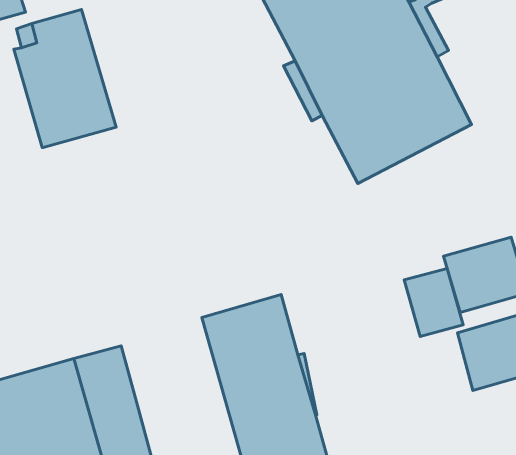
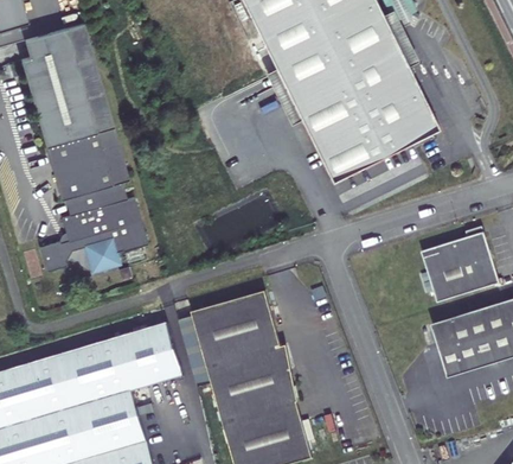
building: none -> [38,133,147,272]
building: [404,268,463,336] -> none
building: none -> [117,320,182,388]

